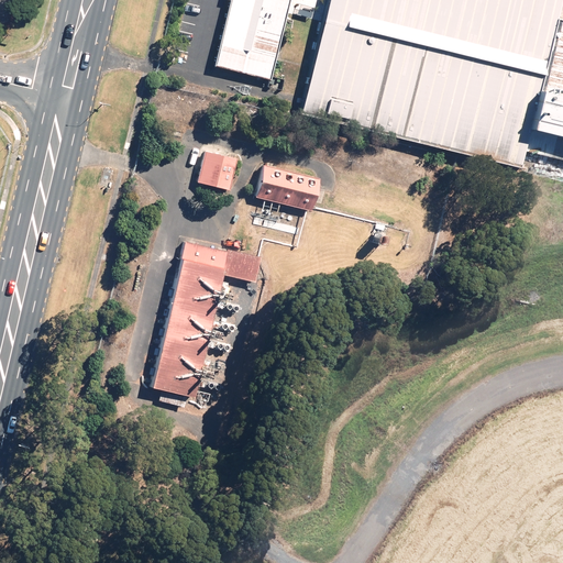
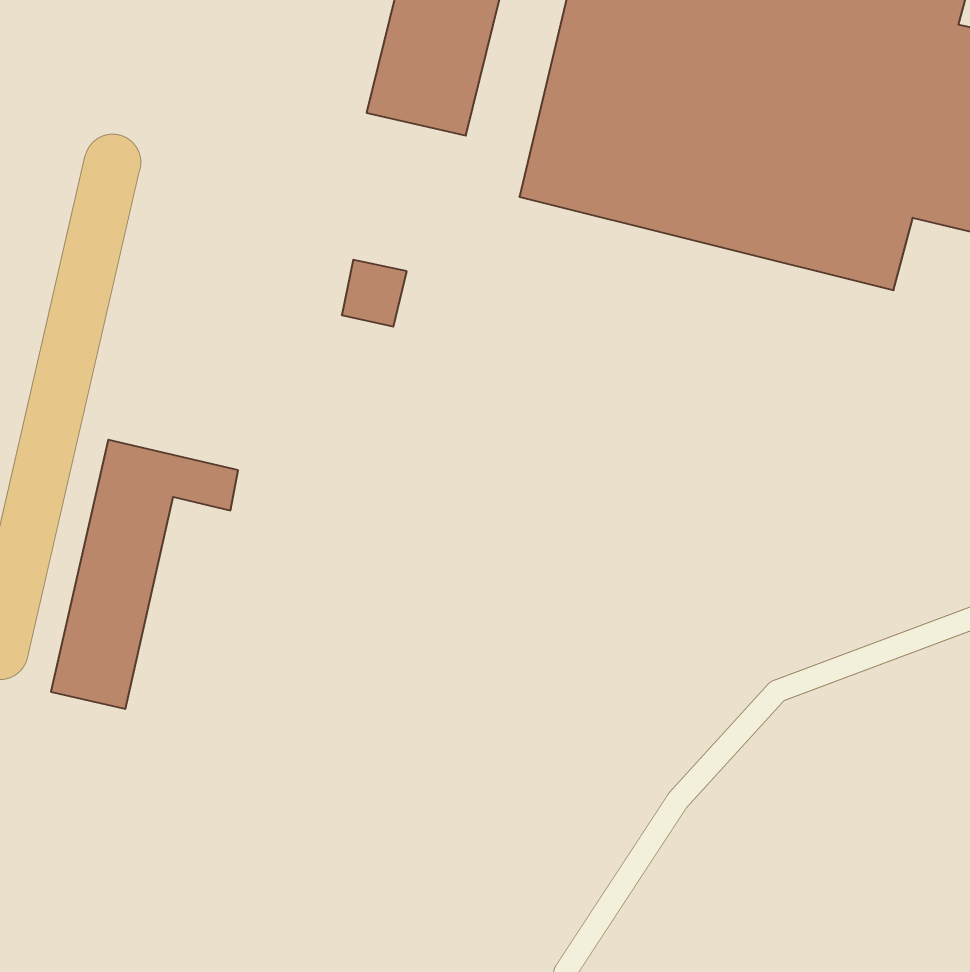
building: [258,164,320,208] -> none
building: [153,239,261,394] -> [51,440,238,709]

